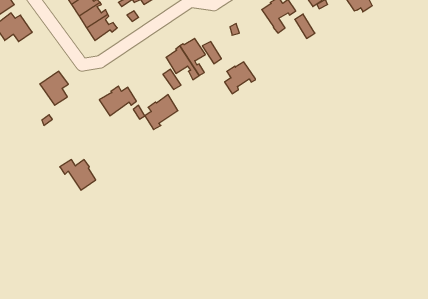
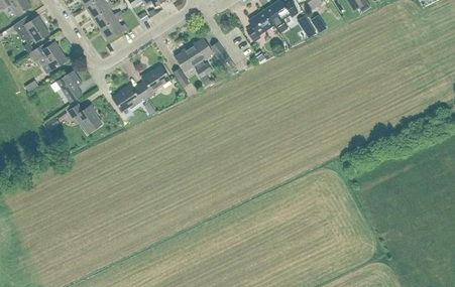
building: none -> [30,39,67,68]
building: [225,62,255,94] -> [248,11,277,41]
building: [145,95,178,130] -> [139,64,170,98]
building: [60,160,96,190] -> [68,104,102,133]

